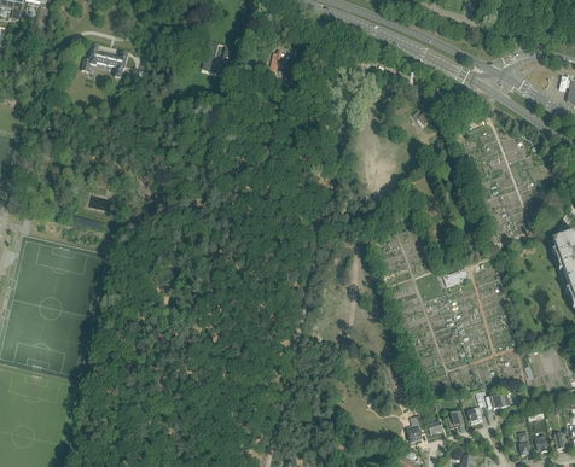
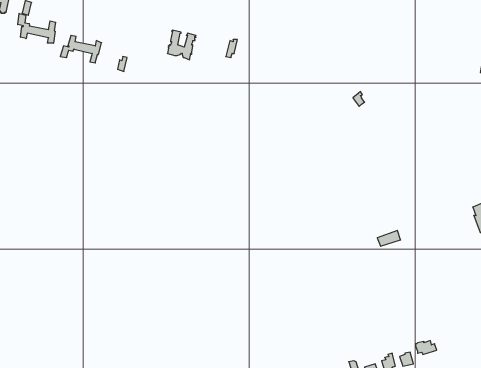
building: none -> [18,13,56,43]

